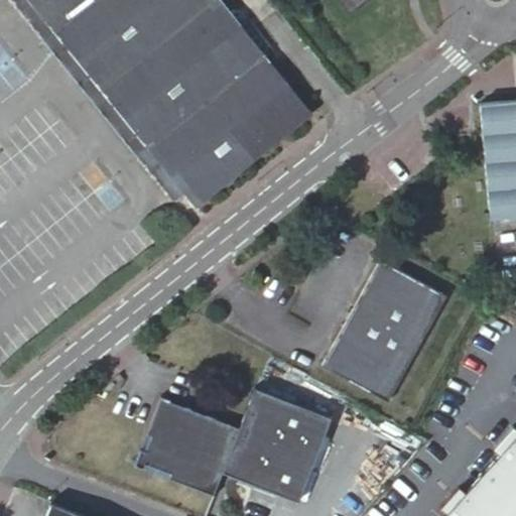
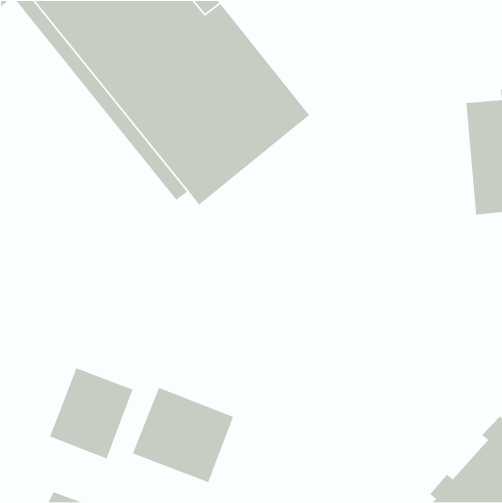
building: [325,259,447,401] -> none
building: none -> [49,367,134,459]
building: [224,386,334,501] -> none

